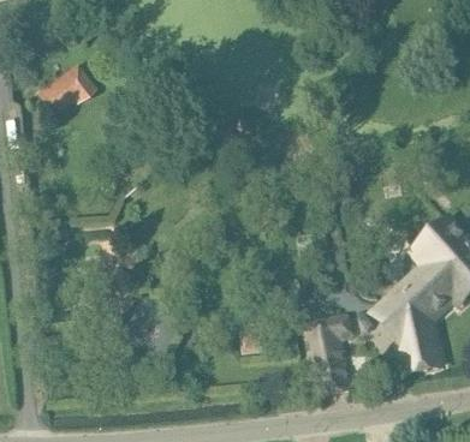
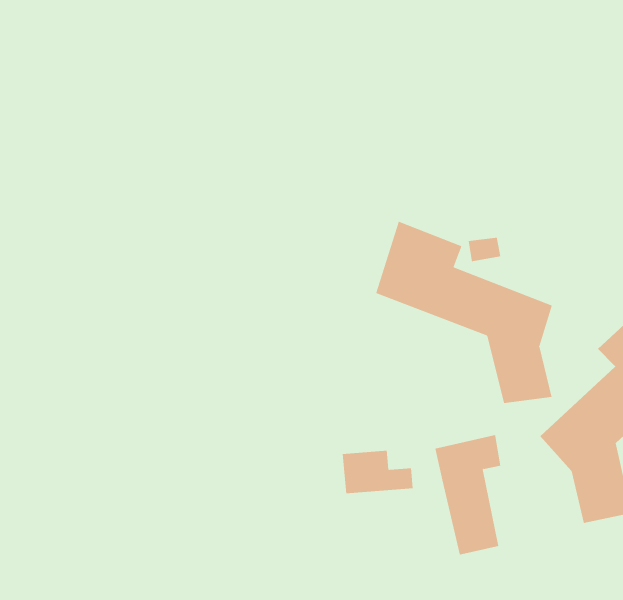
building: [36,64,99,119] -> none
building: none -> [375,221,552,404]

